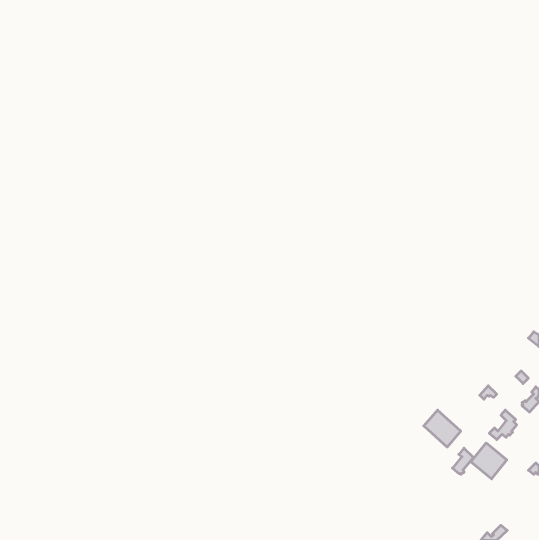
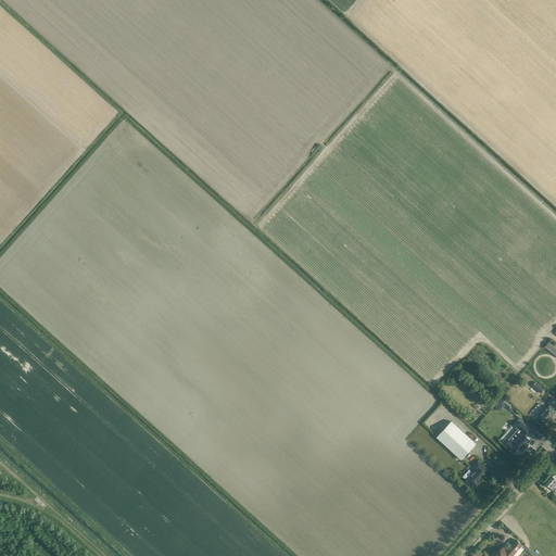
building: [471,443,507,479] -> none

